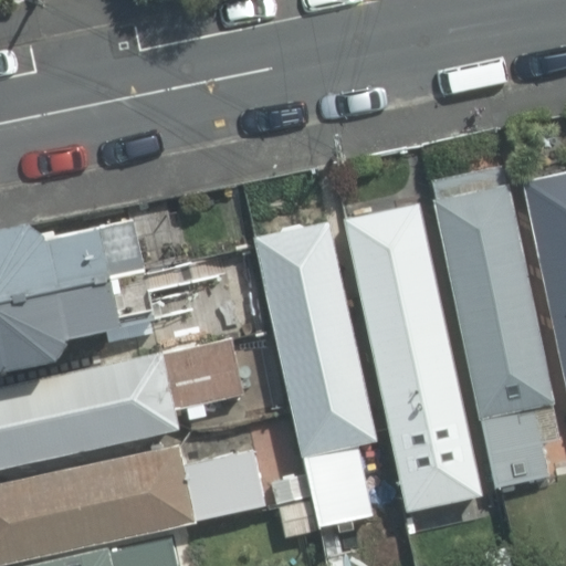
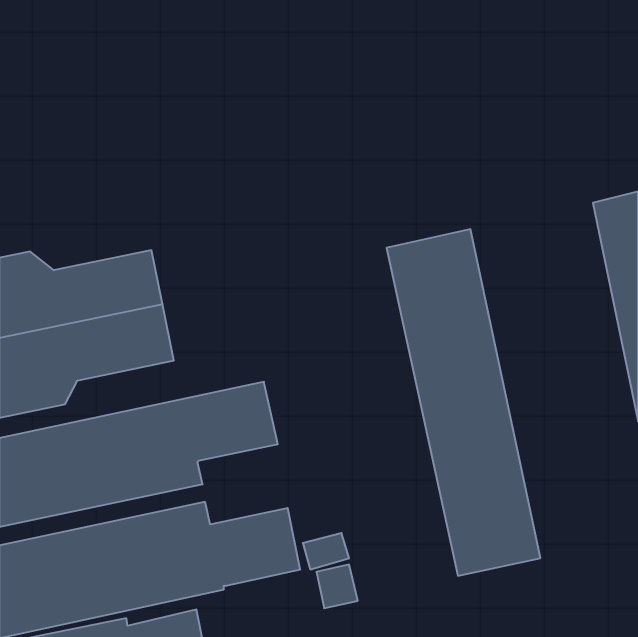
building: [436,185,554,486] -> none
building: [256,222,376,525] -> none

